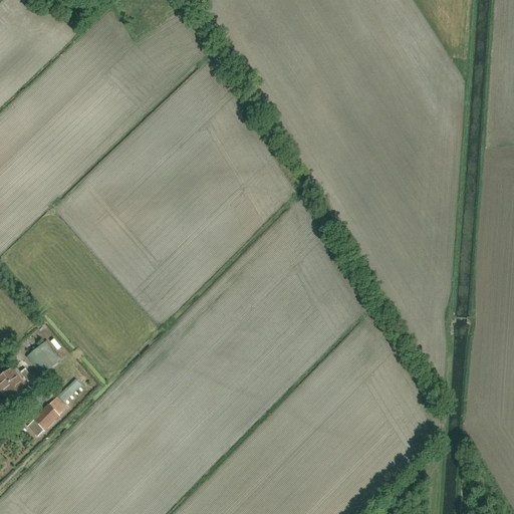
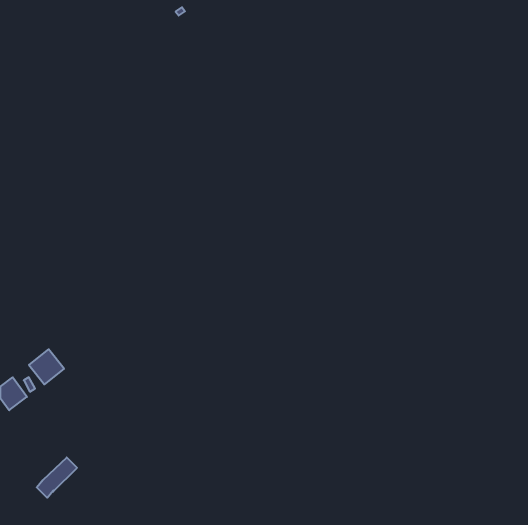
building: [28,396,67,435] -> [37,457,77,498]

